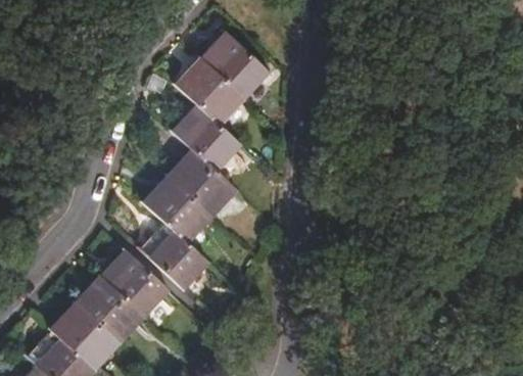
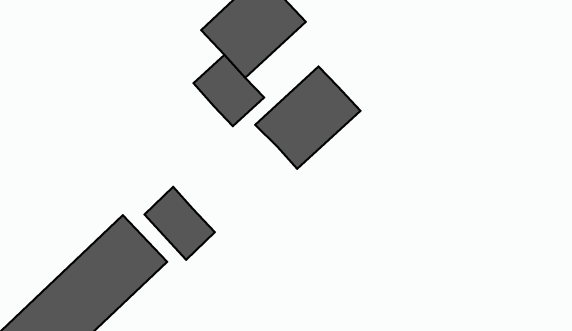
building: [145,152,234,241] -> [255,67,360,169]

